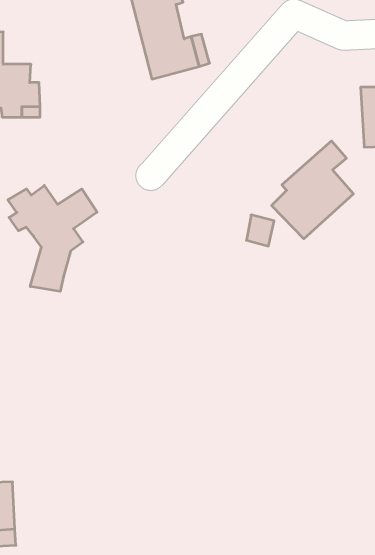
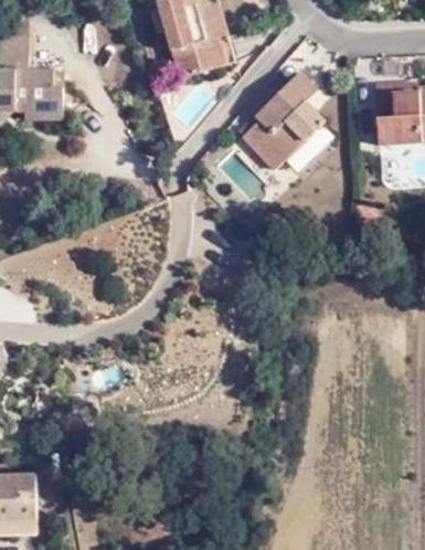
building: [272,141,353,239] -> [237,81,316,174]
building: [8,185,97,291] -> none

